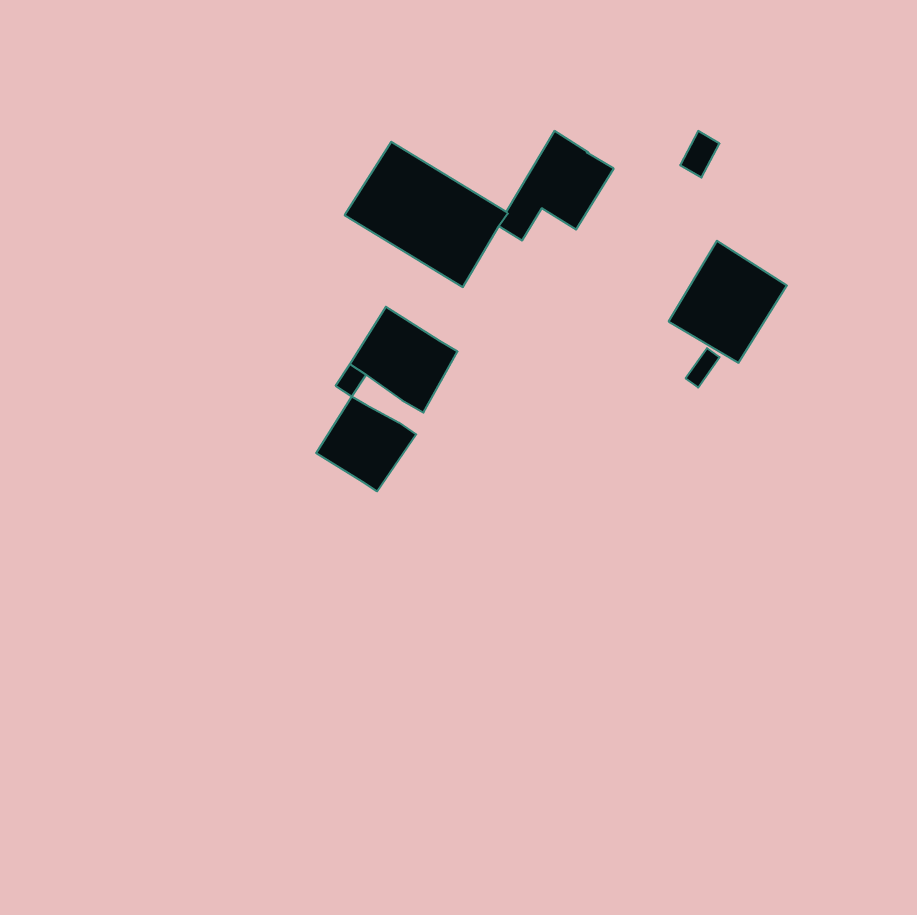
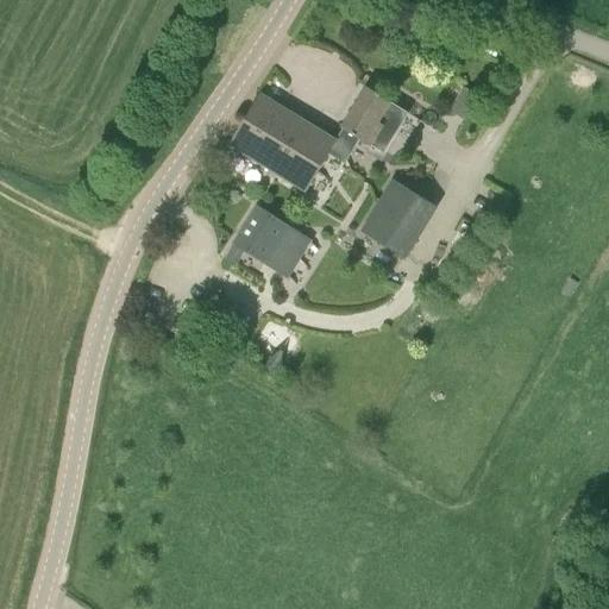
building: [669,241,787,363] -> [359,177,438,258]
building: [316,396,416,491] -> none

